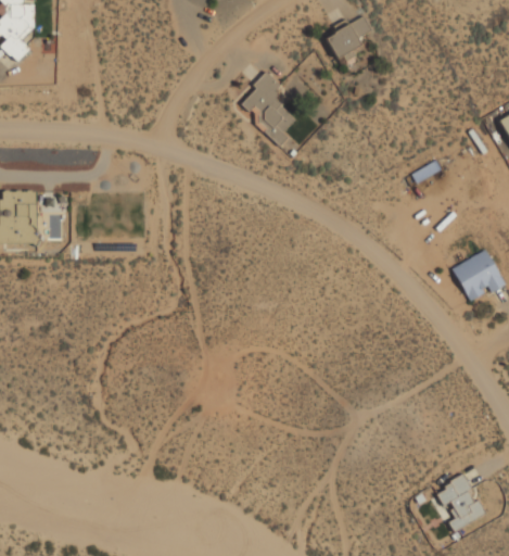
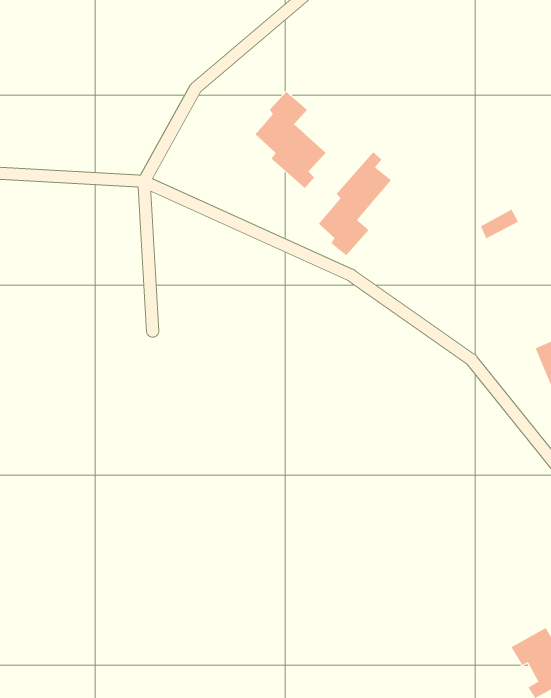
building: [326,16,371,58] -> none
building: none -> [318,151,392,256]

